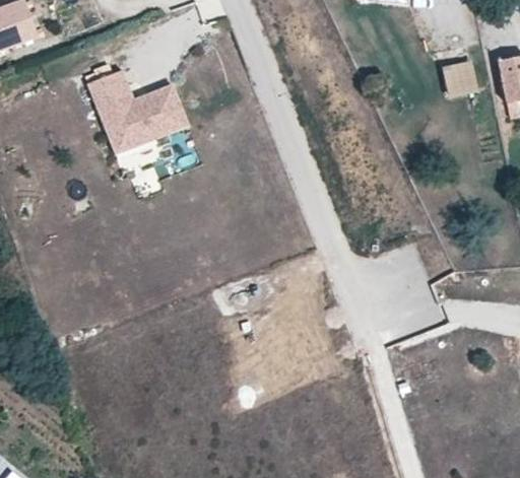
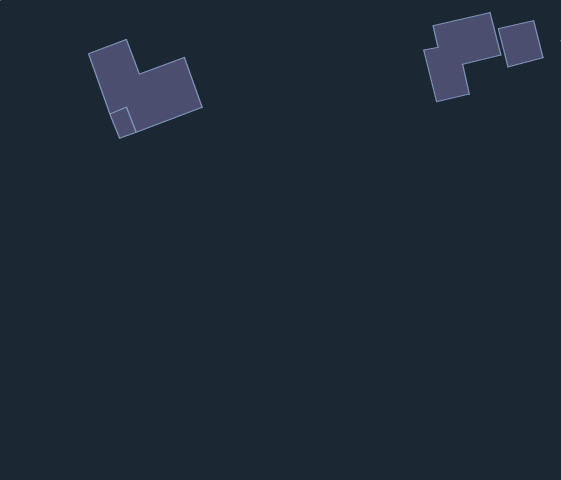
building: none -> [424,12,501,102]

